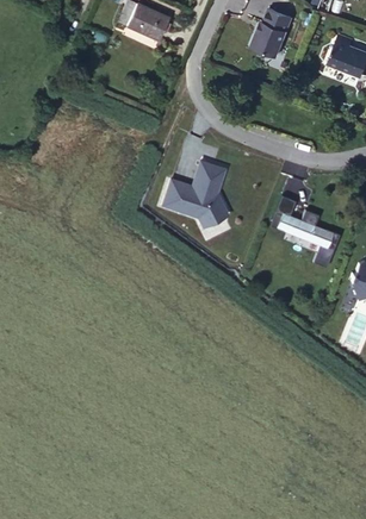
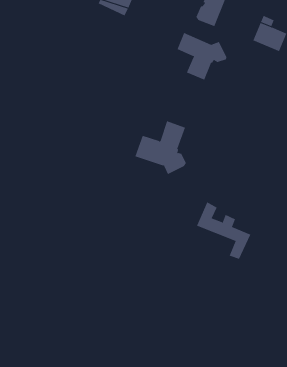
building: none -> [177,32,227,81]
building: [277,196,345,268] -> [196,202,251,260]

